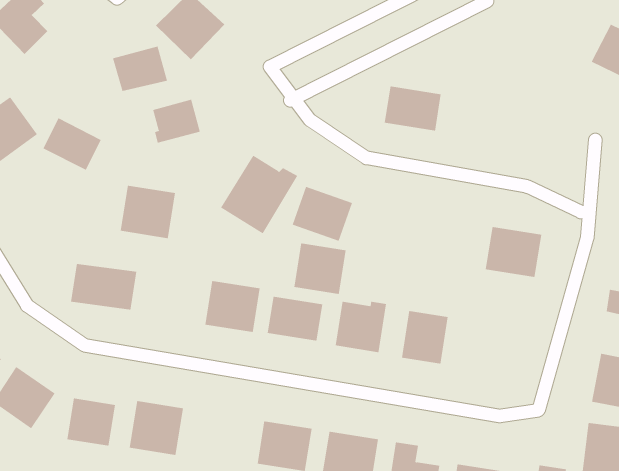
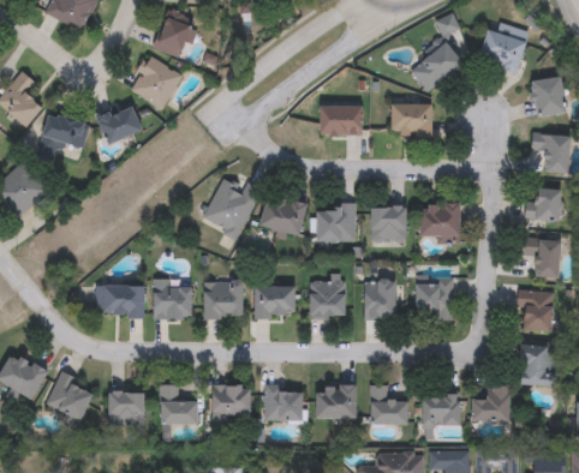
building: none -> [408,42,464,91]
building: none -> [390,103,432,134]
building: [153,99,200,144] -> none
building: [43,118,102,171] -> [43,109,89,148]
building: [120,185,176,239] -> [153,281,192,318]
building: none -> [370,205,406,241]
building: [294,243,347,294] -> [317,205,354,241]
building: none -> [417,281,453,319]
building: none -> [211,384,251,419]

